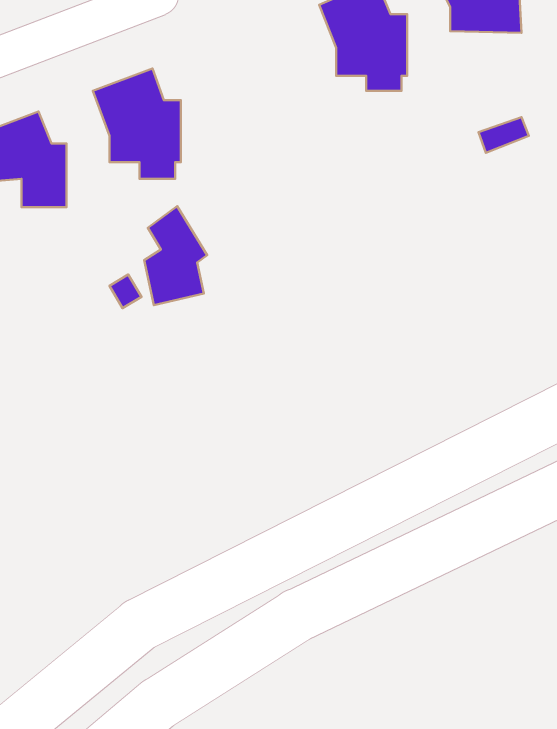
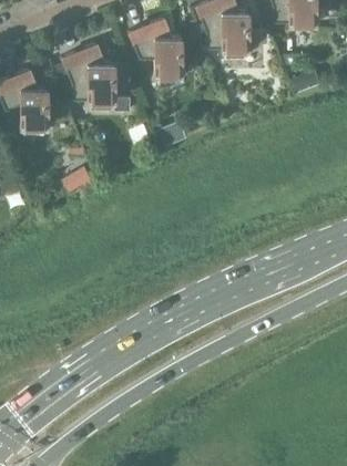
building: none -> [130,19,182,74]
building: [144,206,207,305] -> none

